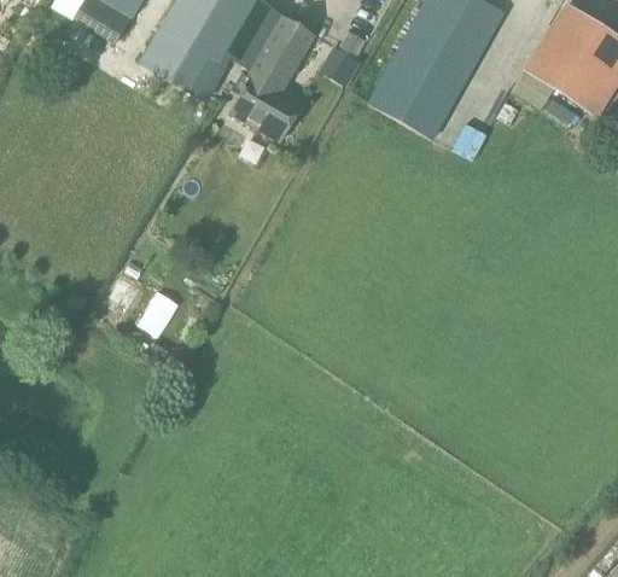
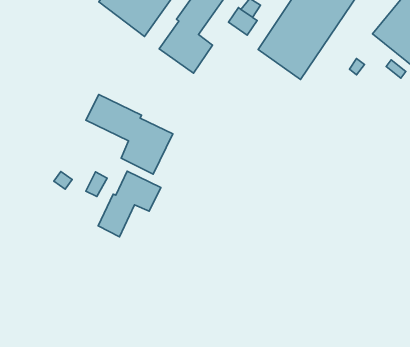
building: none -> [86,95,173,174]
building: none -> [98,171,161,237]

